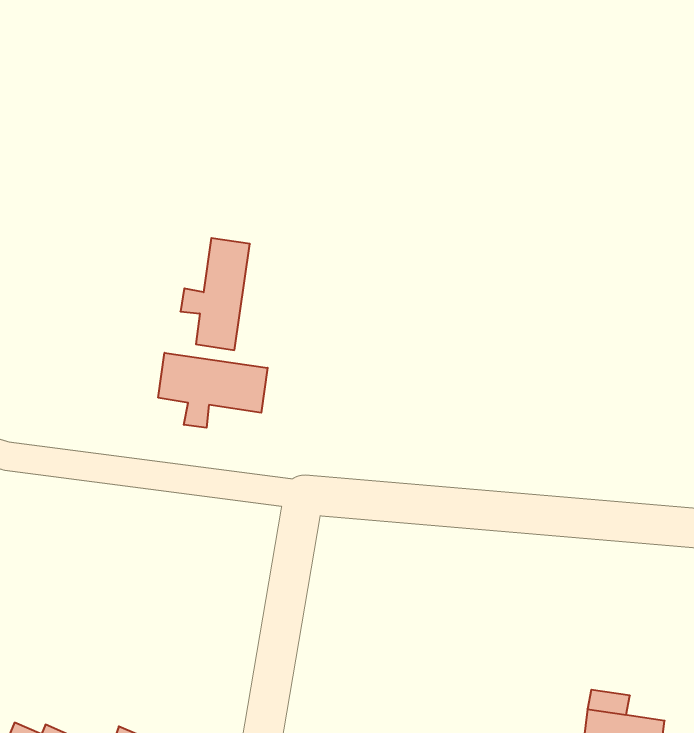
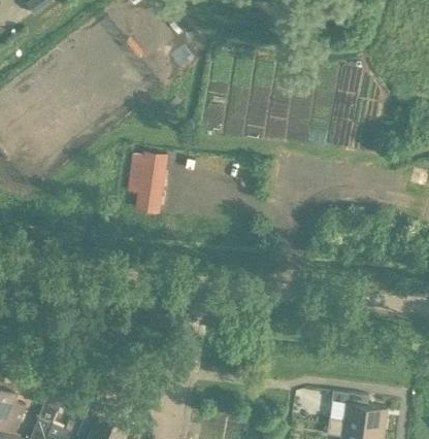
building: [158,353,268,428] -> none

